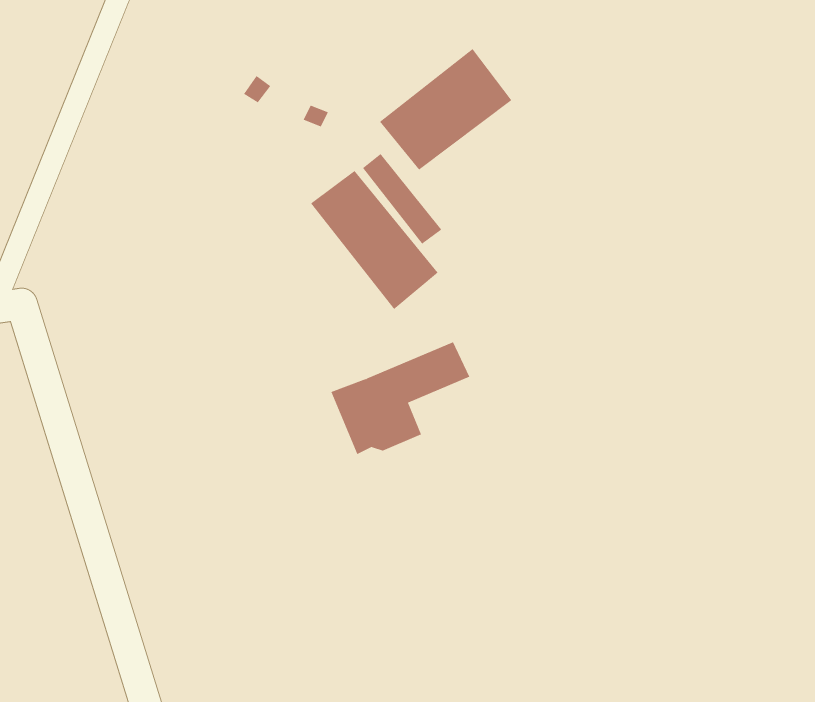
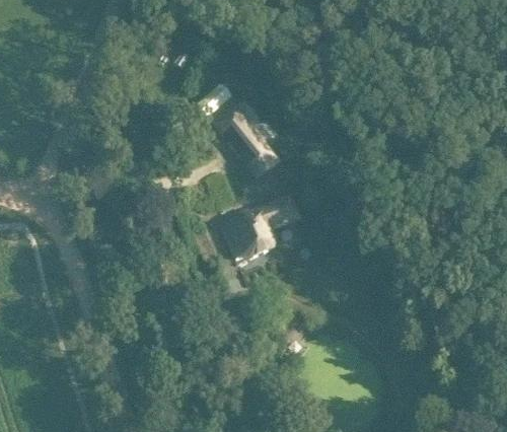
building: [379,48,512,170] -> none

